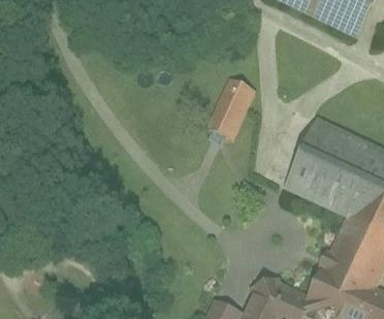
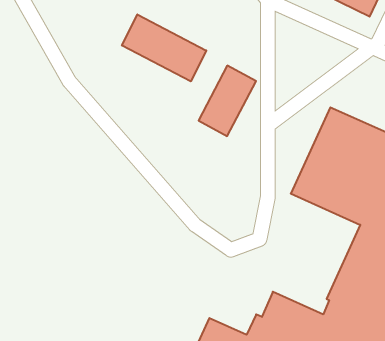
building: none -> [122,14,206,81]

